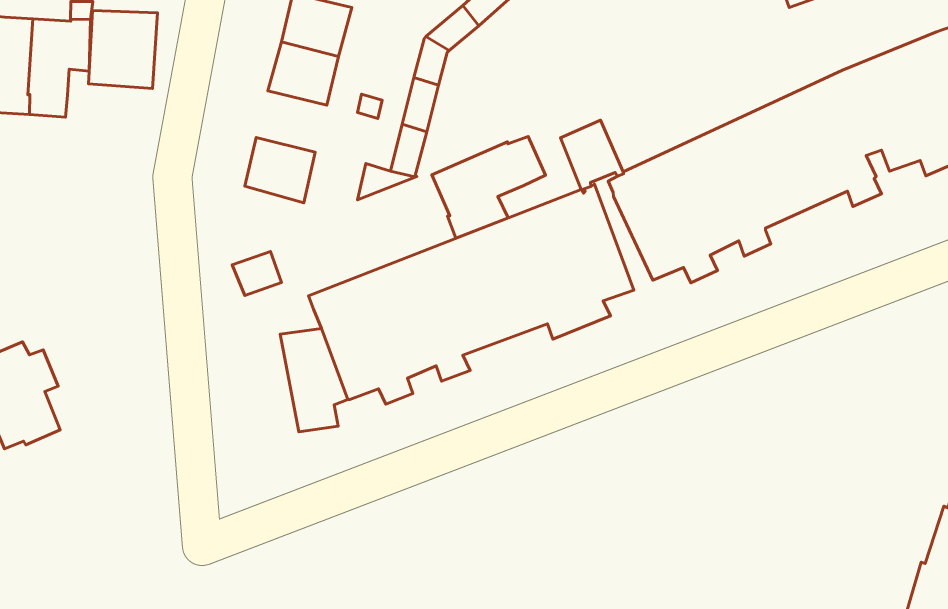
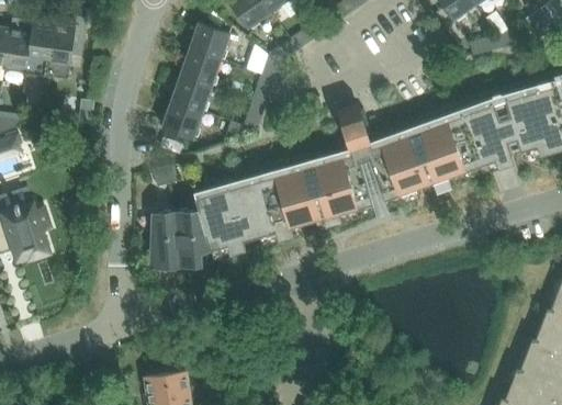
building: [89,10,158,89] -> none
building: none -> [171,77,212,113]
building: [432,137,546,238] -> none
building: none -> [153,212,180,269]

